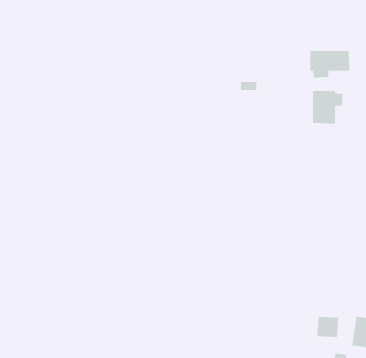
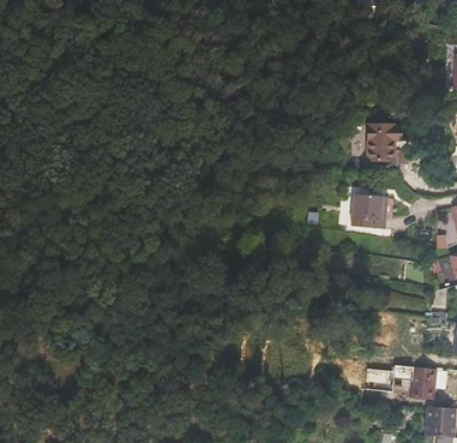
building: [310,50,350,78] -> none
building: none -> [351,194,384,228]

